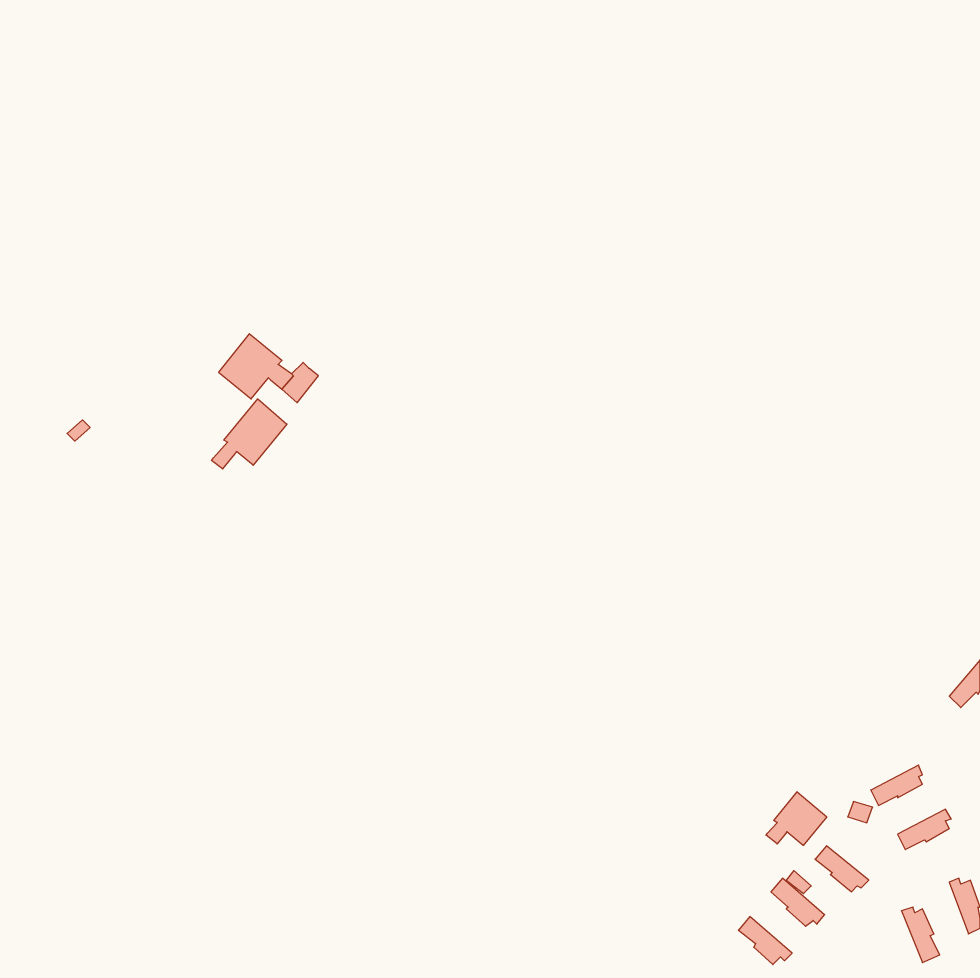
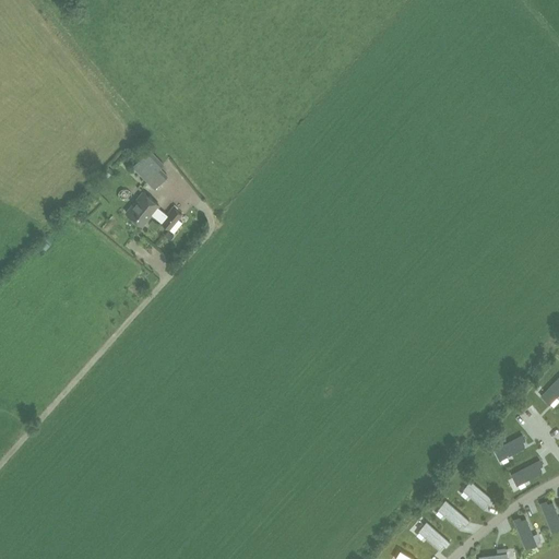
building: none -> [132,150,165,187]
building: [212,399,287,469] -> none
building: [766,792,827,845] -> none

